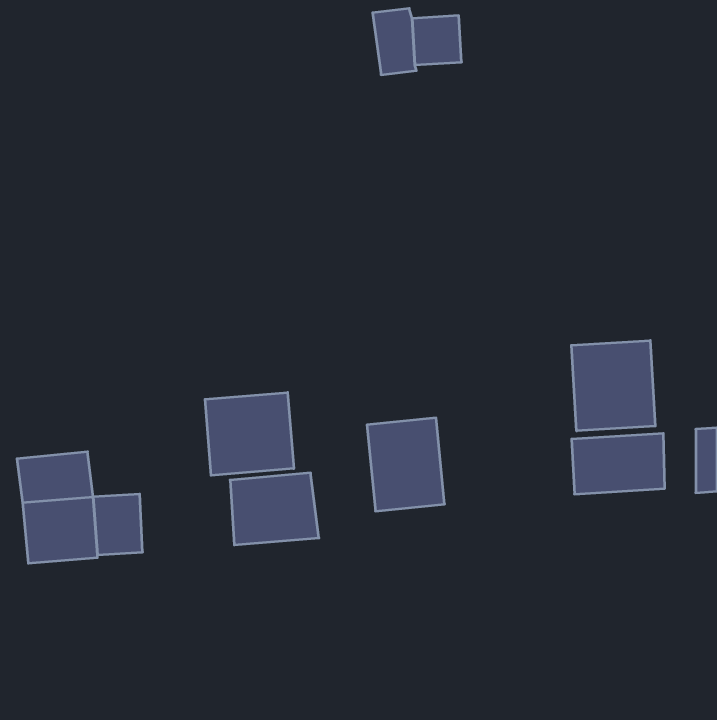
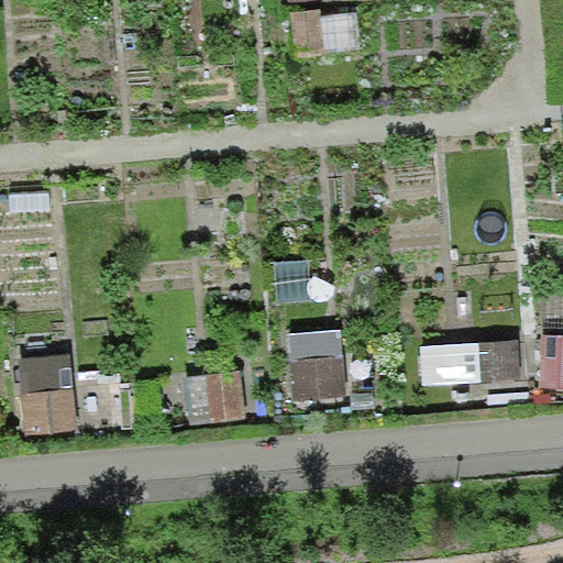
building: [571,340,655,431] -> none
building: [205,392,294,475] -> none

